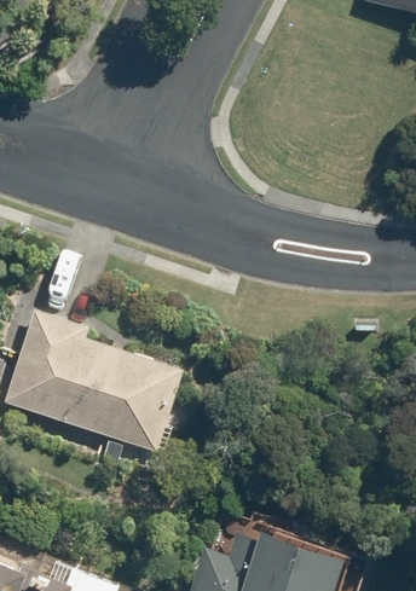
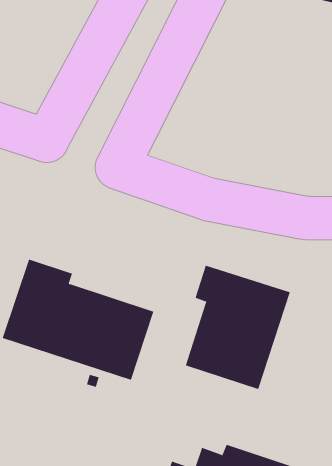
building: none -> [185,265,291,390]

